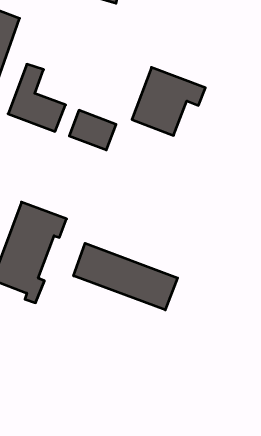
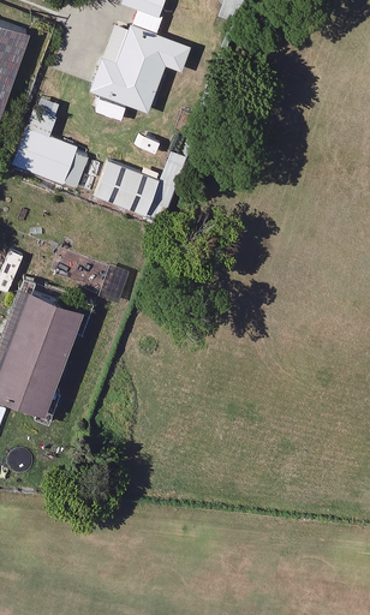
building: [132,67,205,135] -> [90,20,190,113]
building: [74,243,178,310] -> none

